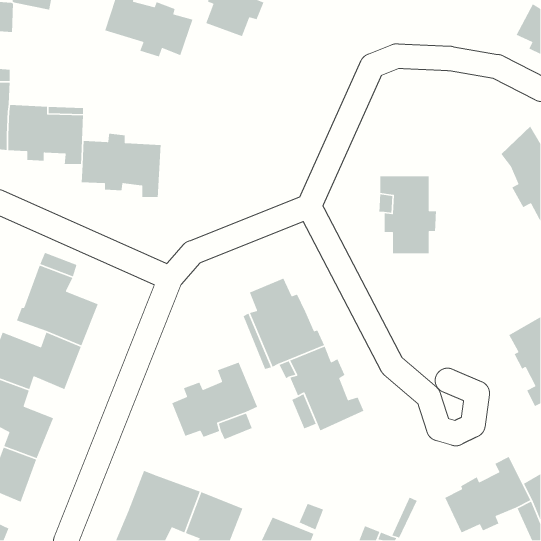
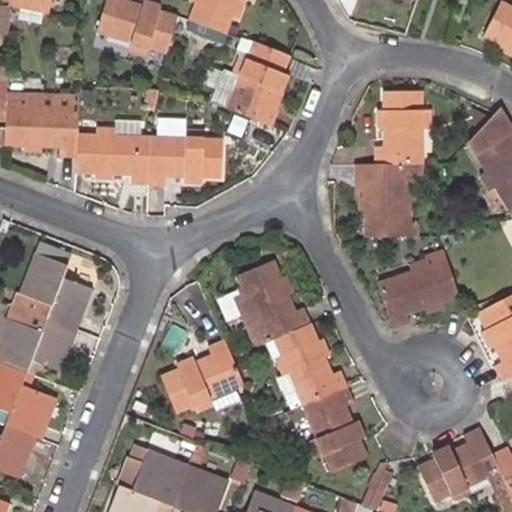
building: none -> [234,44,295,129]
building: none -> [375,90,429,165]
building: none -> [149,130,225,187]
building: none -> [378,261,460,330]
building: none -> [301,387,362,472]

